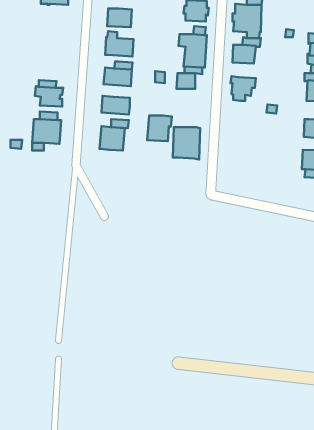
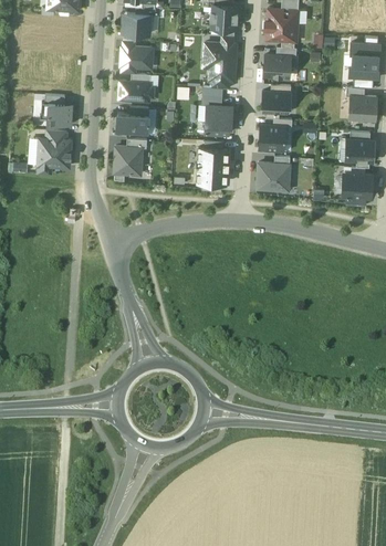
building: none -> [260,124,284,149]
building: [147,116,172,141] -> [205,104,232,133]
building: none -> [257,161,290,189]

